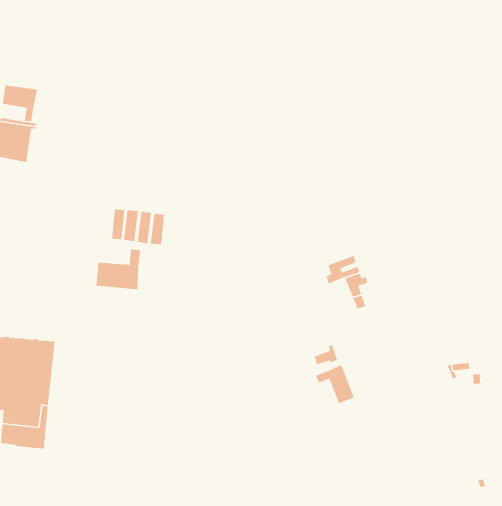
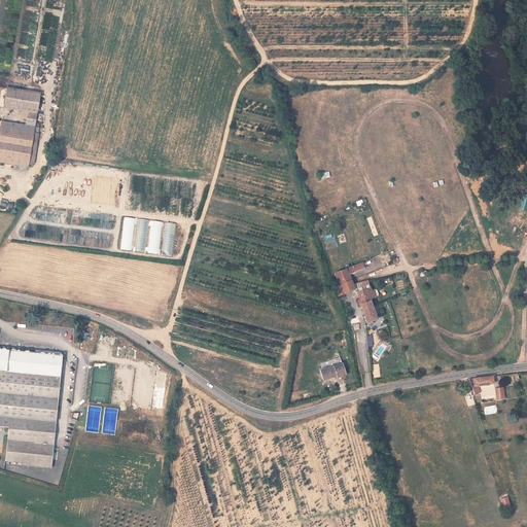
building: [95,248,141,290] -> none
building: [315,364,355,404] -> none

